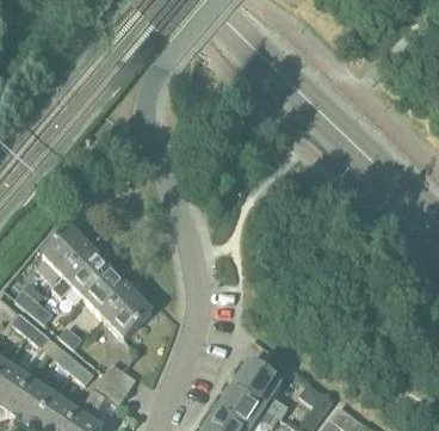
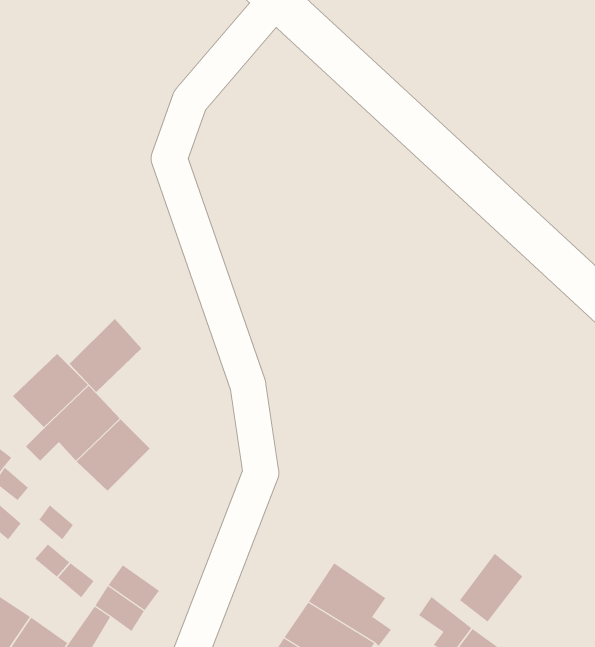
building: none -> [69,318,142,393]
building: [103,287,152,335] -> none
building: none -> [459,553,523,622]

